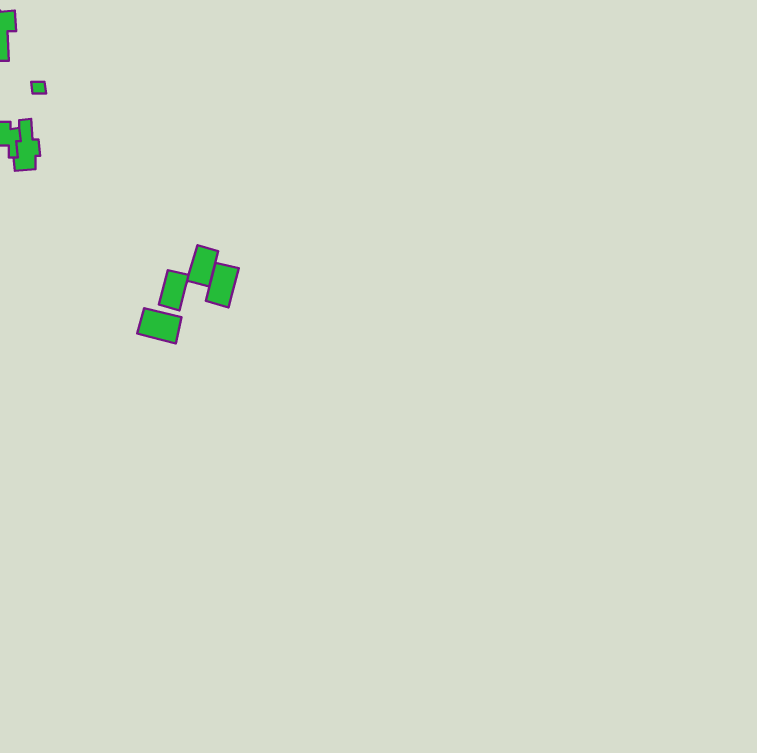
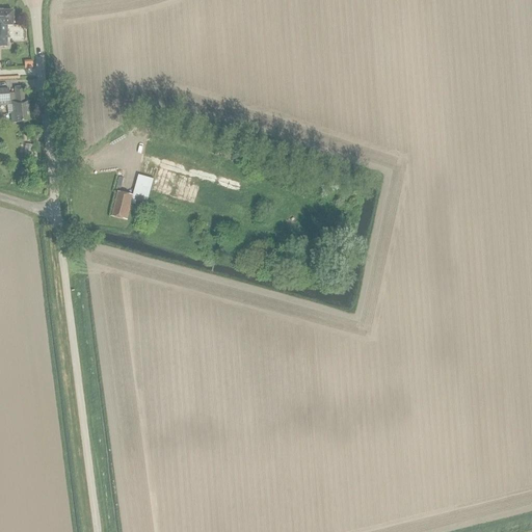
building: [206,263,239,308] -> none
building: [137,308,182,343] -> none

